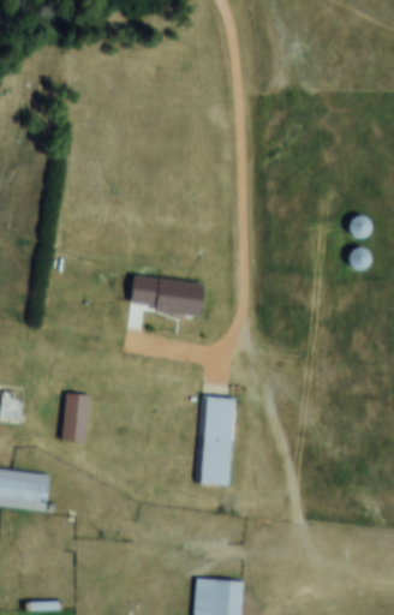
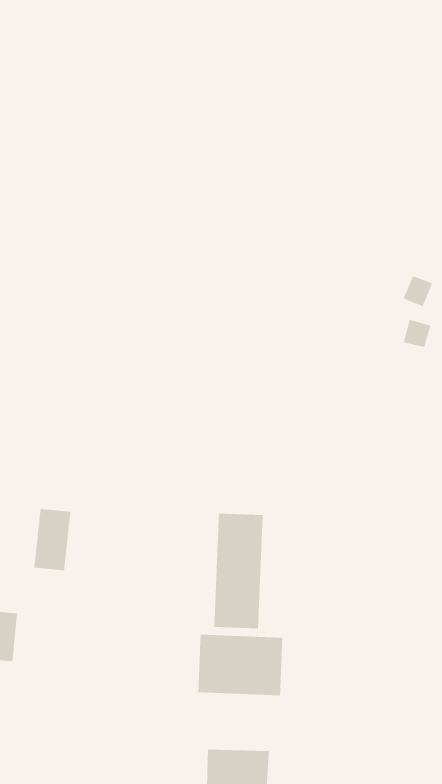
building: [131,276,204,316] -> none
building: none -> [198,634,283,696]

